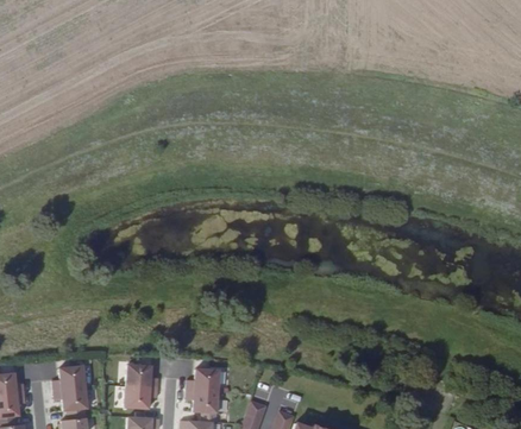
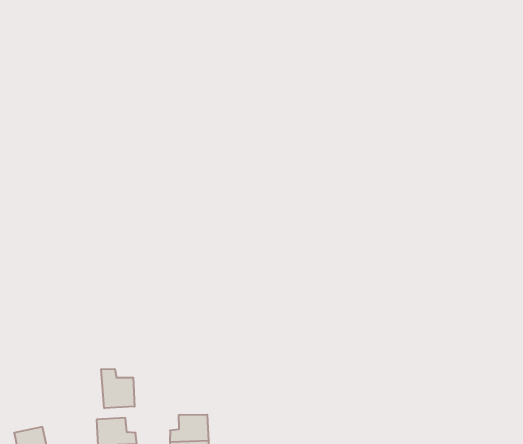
building: none -> [101,369,135,408]

